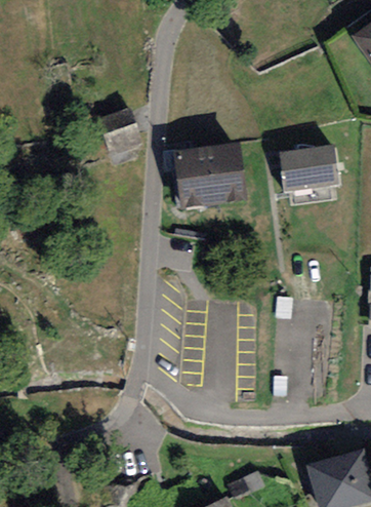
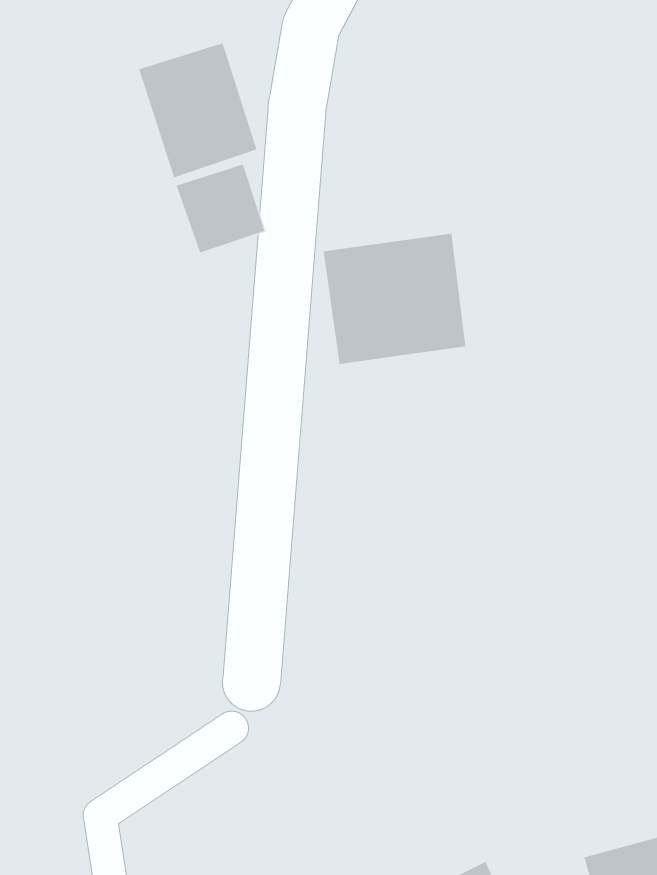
building: none -> [139,42,257,178]
building: [280,144,338,191] -> none

